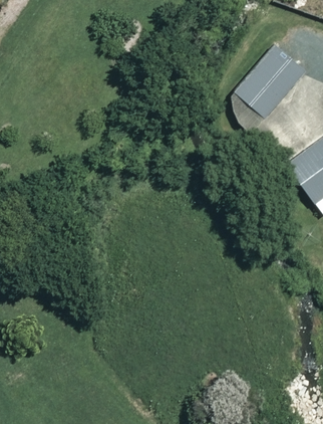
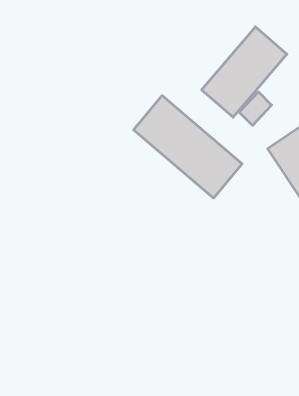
building: none -> [134,96,242,198]

